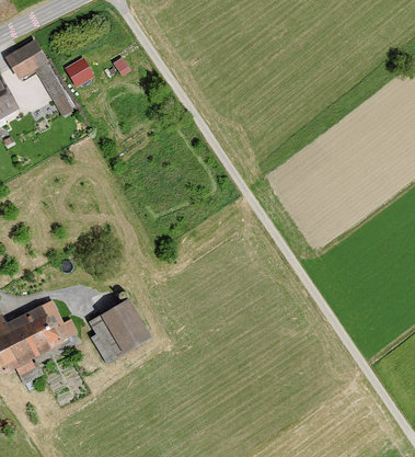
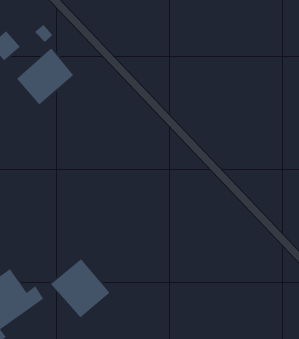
building: none -> [16,47,74,106]

